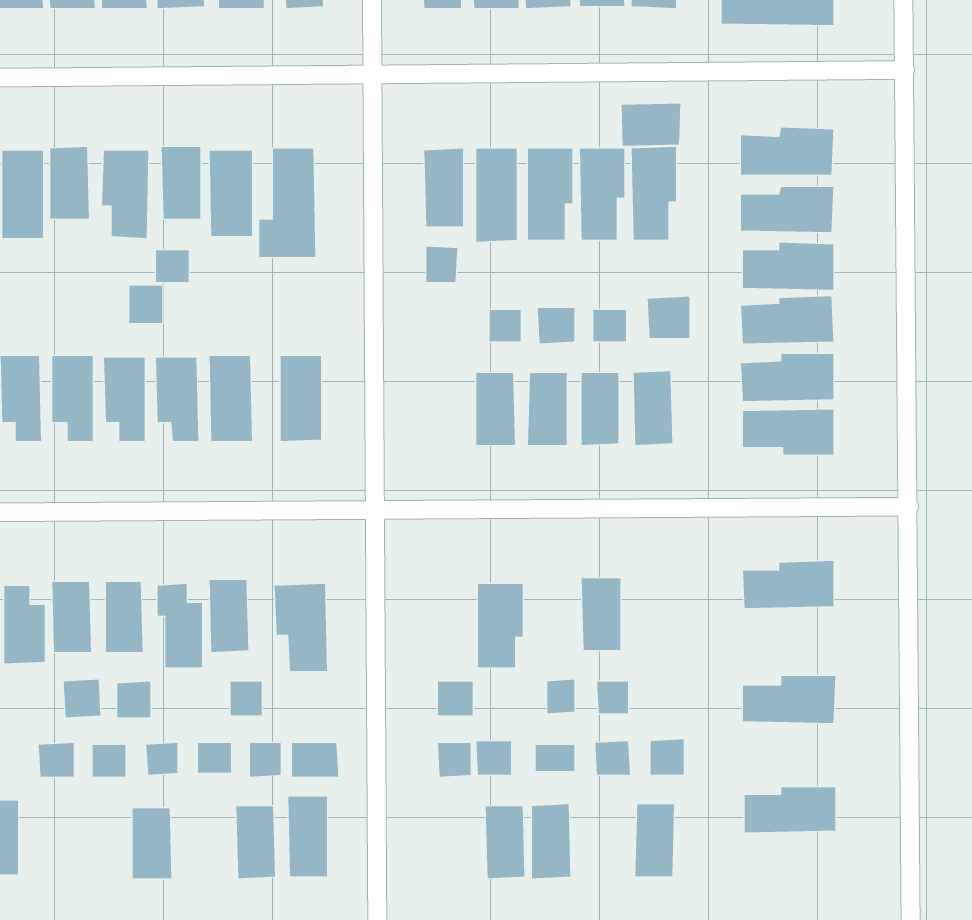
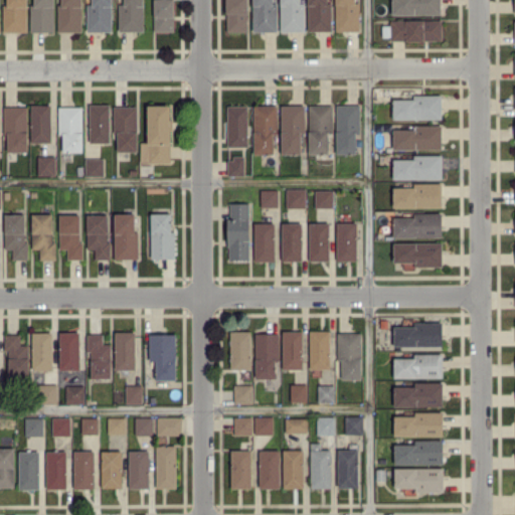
building: [621,103,681,146] -> none
building: [129,285,163,324] -> [37,156,55,176]
building: [647,296,690,339] -> none
building: none -> [227,203,249,261]
building: none -> [229,331,250,370]
building: none -> [282,331,302,369]
building: none -> [337,333,361,379]
building: none -> [394,354,443,378]
building: none -> [393,411,443,437]
building: none -> [310,444,331,489]
building: none -> [230,451,251,489]
building: none -> [18,452,39,490]
building: none -> [45,452,66,489]
building: none -> [102,452,121,488]
building: none -> [394,468,444,493]

